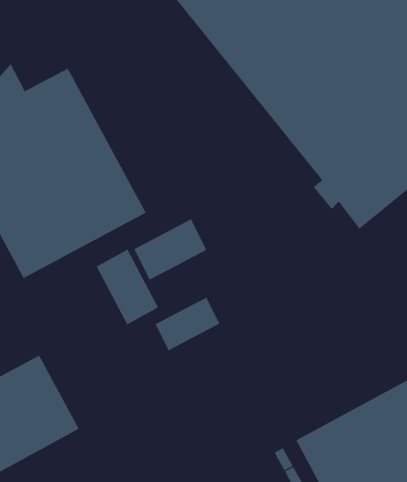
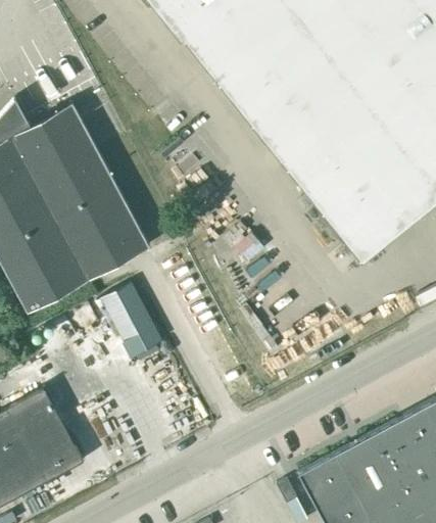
building: [134,218,207,281] -> none
building: [155,297,220,351] -> none

